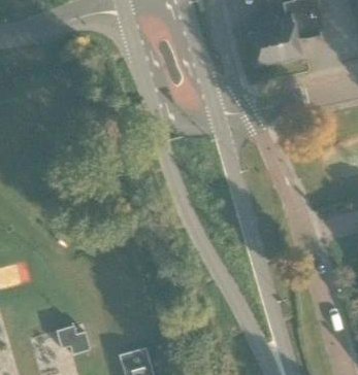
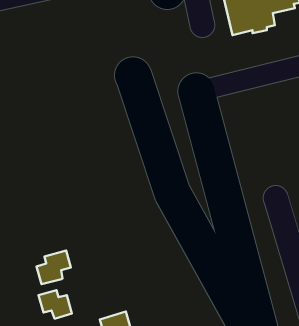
building: none -> [37,250,71,284]

